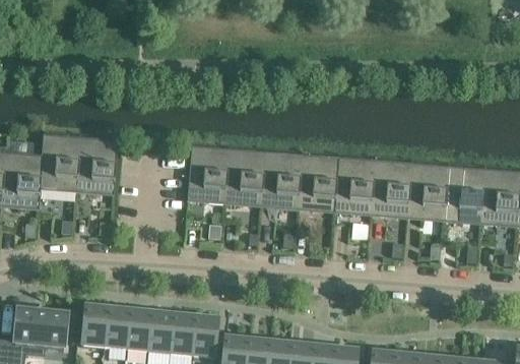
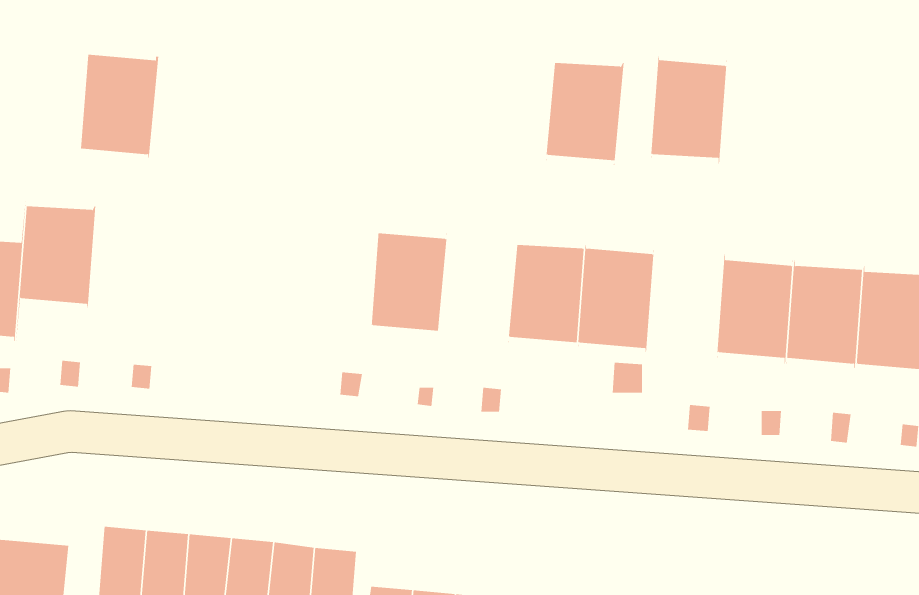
building: [76,137,118,194] -> [80,50,159,159]
building: [187,145,229,203] -> none
building: [260,151,302,209] -> [545,57,625,167]
building: [370,161,410,218] -> [650,56,727,164]

